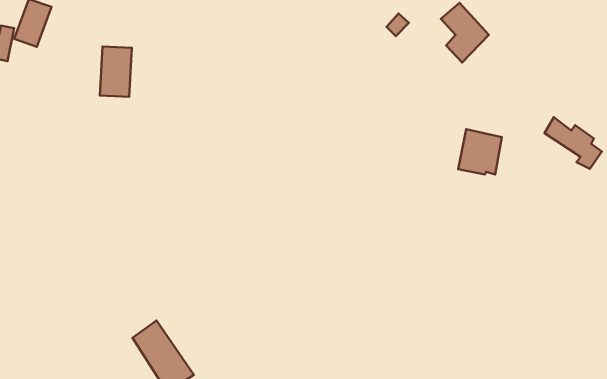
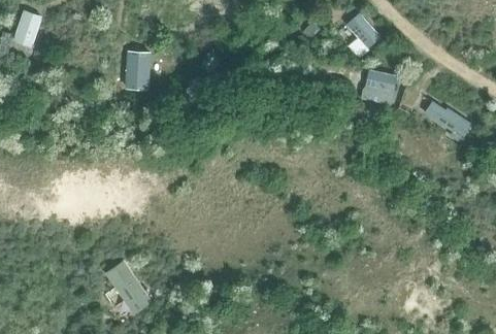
building: [100,46,132,97] -> [127,51,152,90]
building: [458,129,502,174] -> [362,70,396,105]

